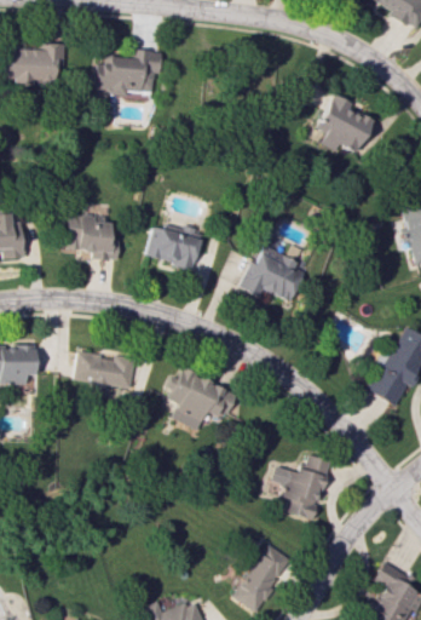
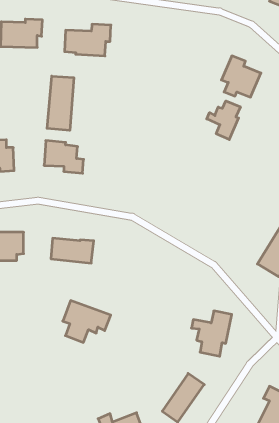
building: none -> [47,76,74,130]
building: none -> [207,101,240,140]
building: [146,226,204,270] -> none
building: [243,243,308,302] -> none
building: [171,371,238,430] -> [63,301,111,342]

